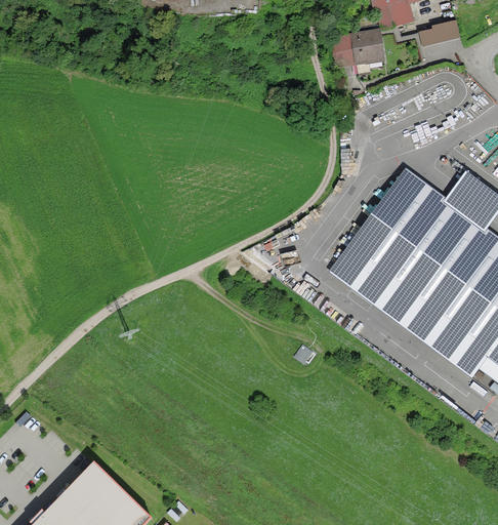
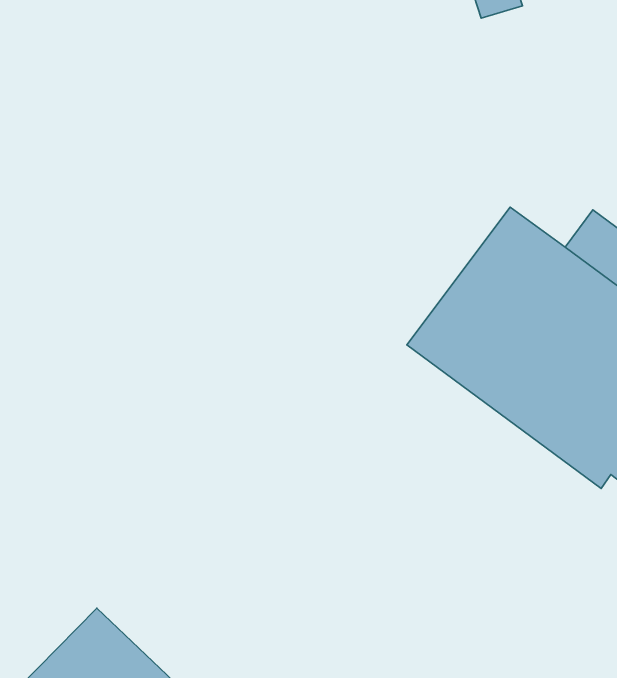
building: [423,19,462,43] -> none
building: [333,30,385,65] -> none

